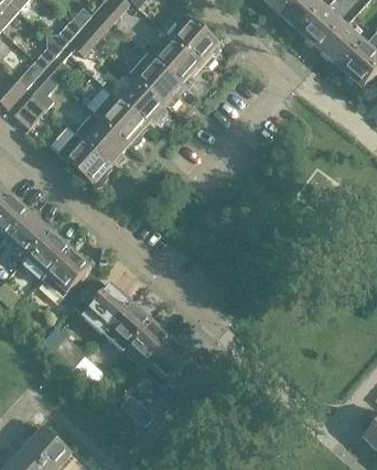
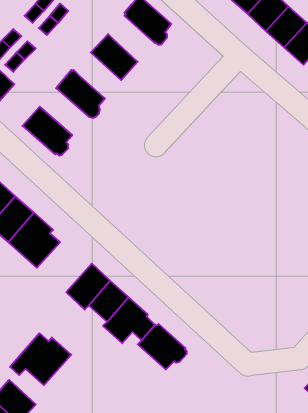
building: [155,34,201,84] -> none
building: [120,74,164,123] -> none
building: [76,112,129,163] -> none
building: [66,278,132,335] -> [10,333,71,385]
building: none -> [138,324,187,369]

